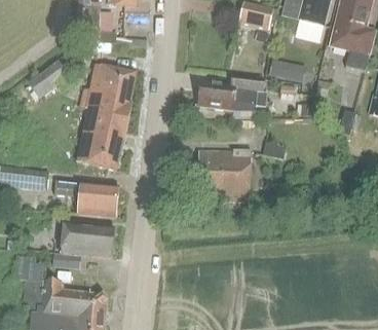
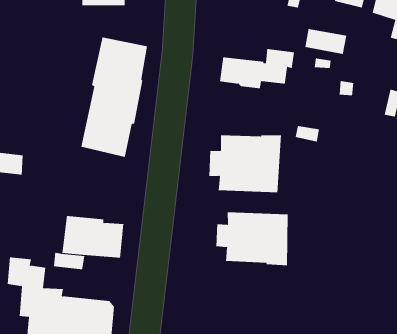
building: [28,59,70,96] -> none
building: [54,179,119,216] -> none
building: none -> [216,211,288,266]

